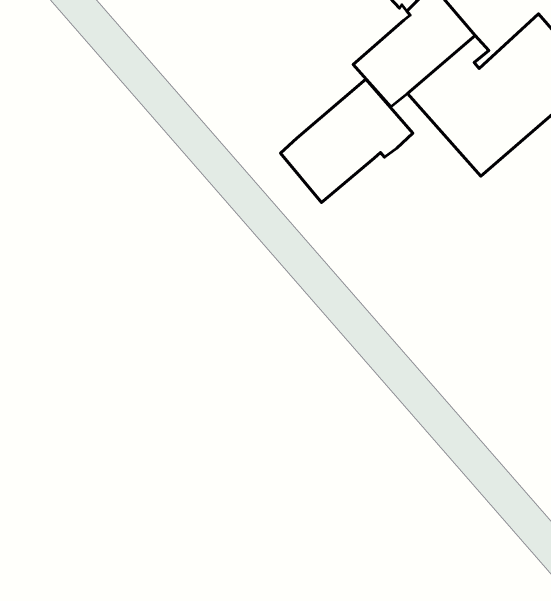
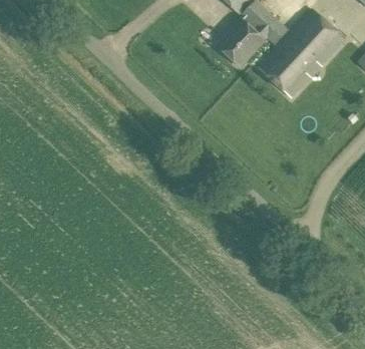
building: [281,79,413,202] -> none

